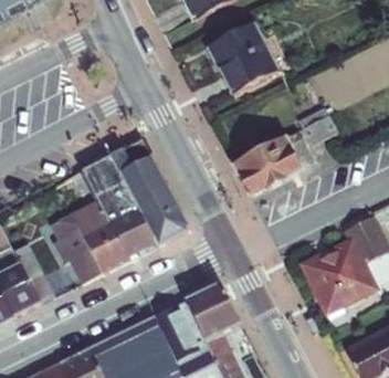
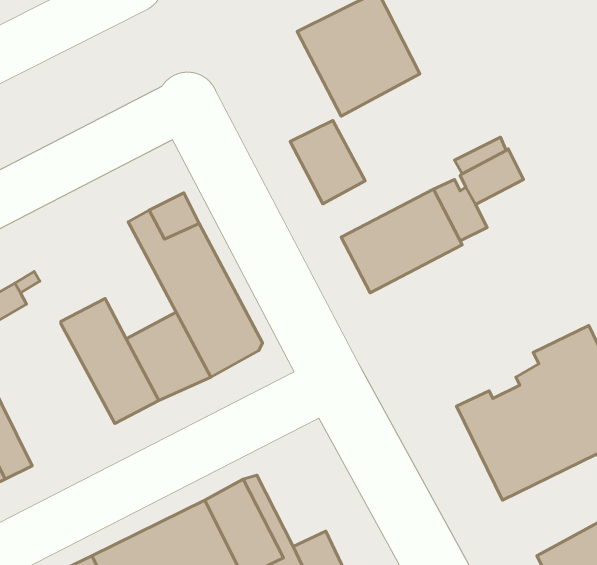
building: none -> [290,121,365,204]
building: [90,155,137,222] -> none
building: [46,213,102,282] -> none
building: [183,284,241,342] -> none

